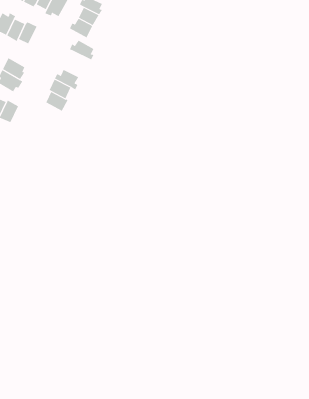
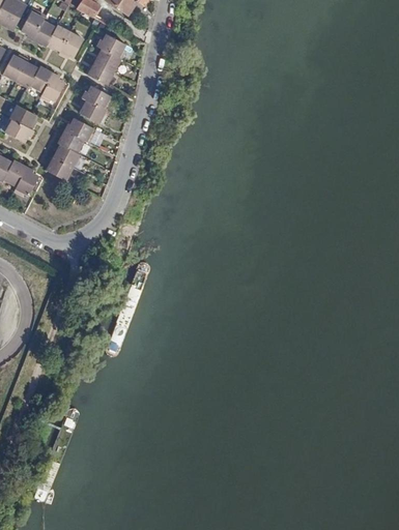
building: none -> [33,69,60,100]
building: none -> [81,97,110,124]
building: none -> [49,156,76,183]
building: none -> [12,163,39,193]

